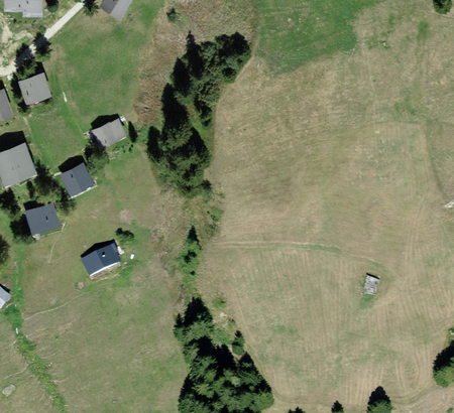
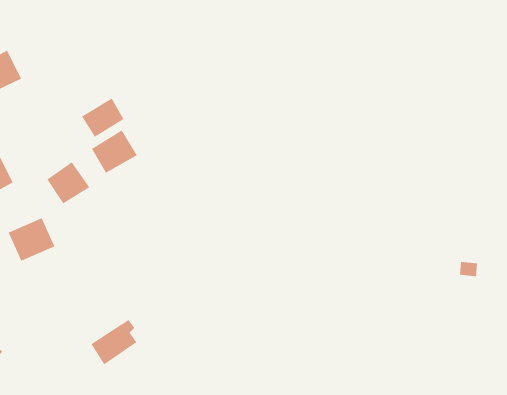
building: none -> [91,130,137,174]
building: [83,246,118,278] -> [91,319,137,365]

